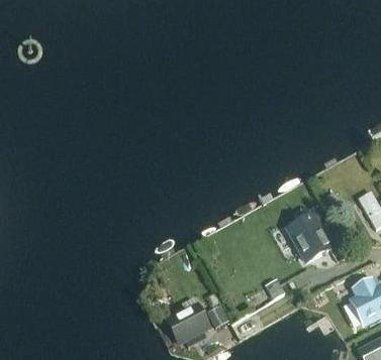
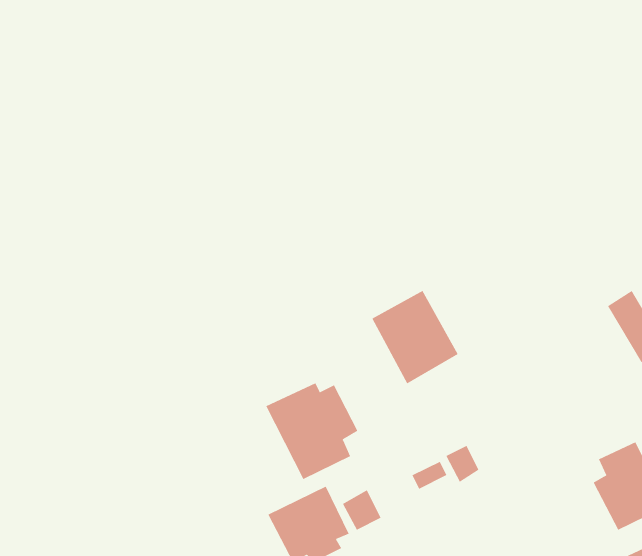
building: [285,212,335,265] -> [371,290,458,384]
building: none -> [265,383,358,480]

